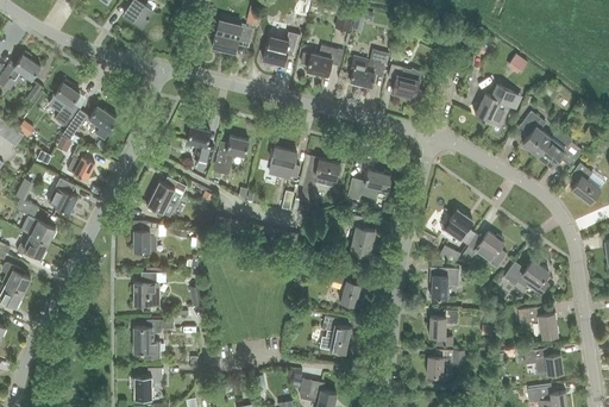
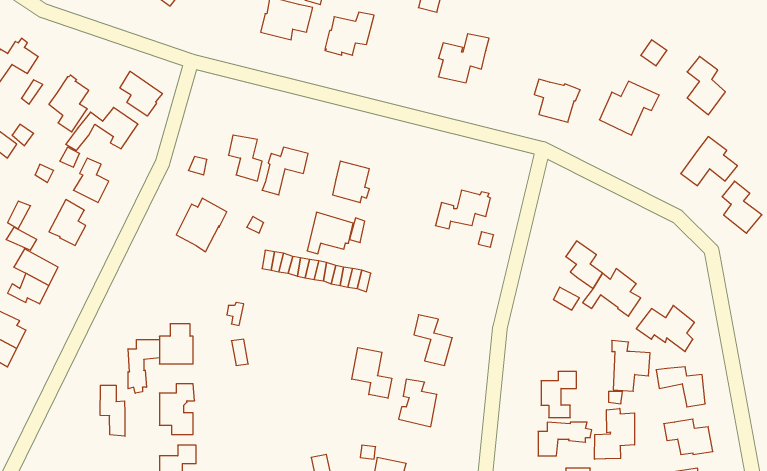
building: [300,45,343,76] -> none
building: [388,65,423,99] -> [534,79,580,122]
building: none -> [120,71,162,116]
building: [521,112,551,157] -> [687,56,725,115]
building: [303,157,339,189] -> [307,212,353,254]
building: [346,215,375,256] -> none
building: [134,221,165,251] -> none
building: [429,259,459,299] -> [612,341,650,391]
building: none -> [128,340,159,393]
building: none -> [352,348,392,398]
building: none -> [100,385,125,436]
building: none -> [595,408,634,459]

